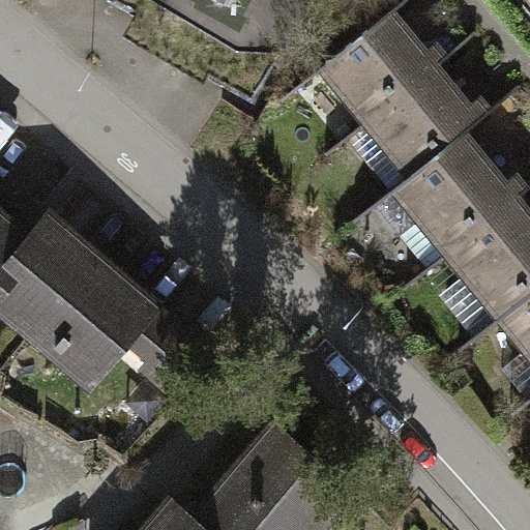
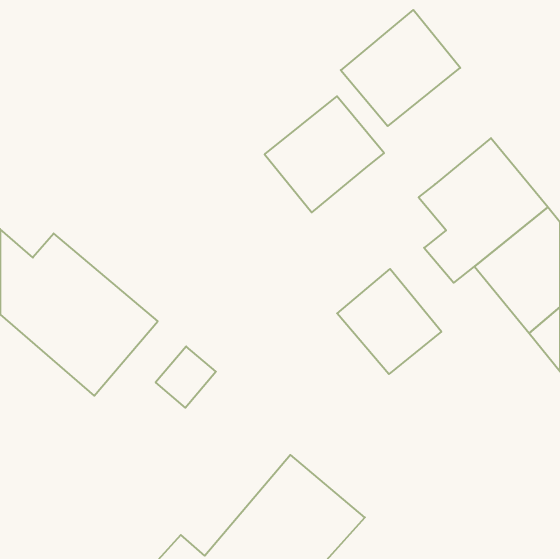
building: [366,65,479,175] -> [265,96,384,212]
building: none -> [337,269,441,374]

